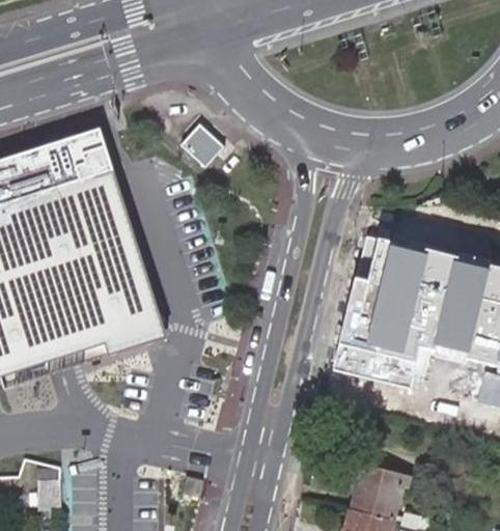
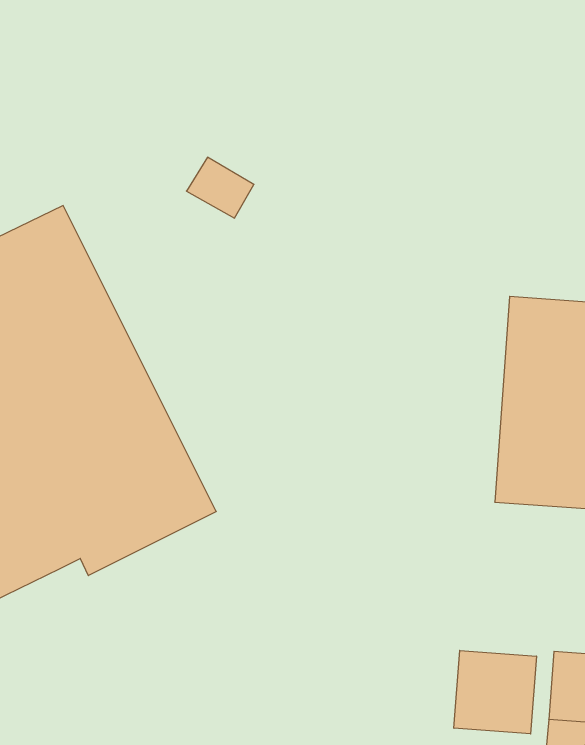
building: none -> [454,650,536,734]

